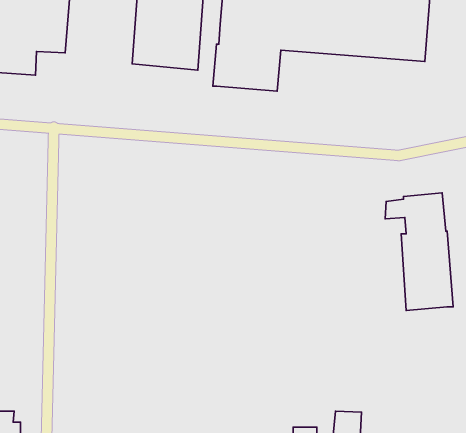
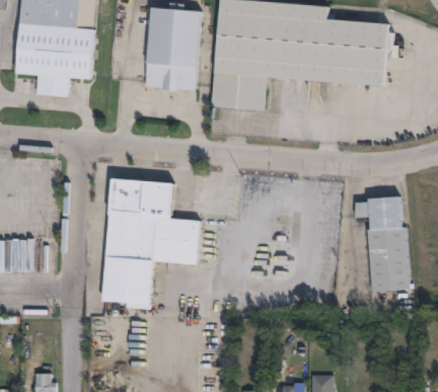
building: none -> [98,177,196,309]

